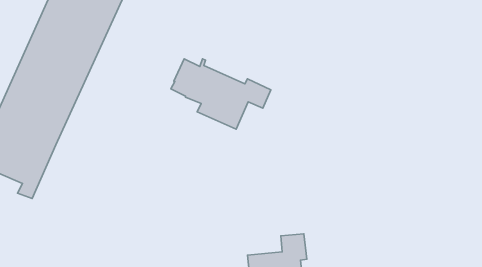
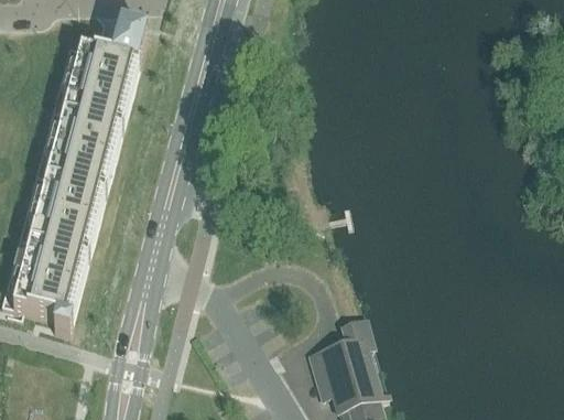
building: [171,59,271,129] -> none

